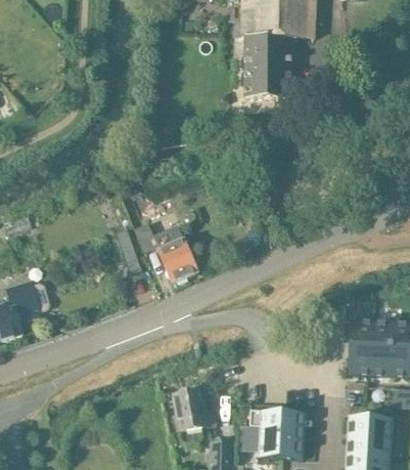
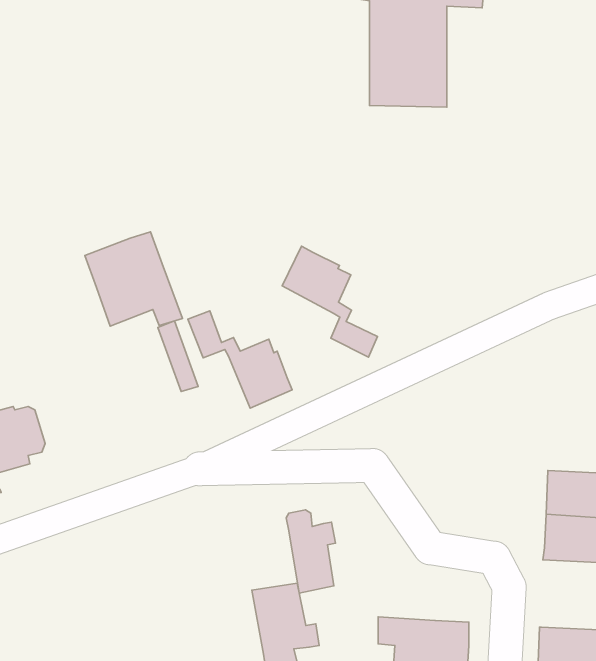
building: none -> [85,232,183,326]
building: none -> [282,246,378,357]
building: none -> [286,510,335,593]

